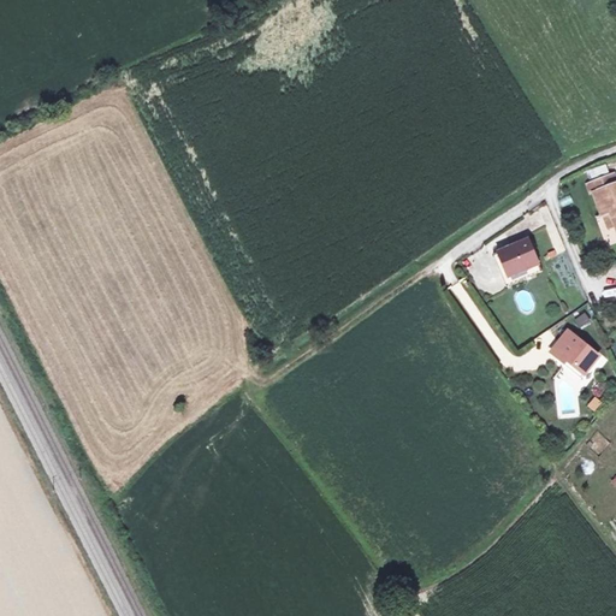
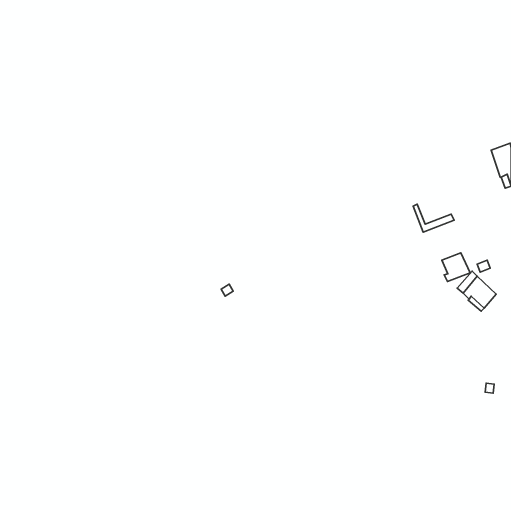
building: [502,235,543,271] -> none
building: none -> [442,253,470,281]

